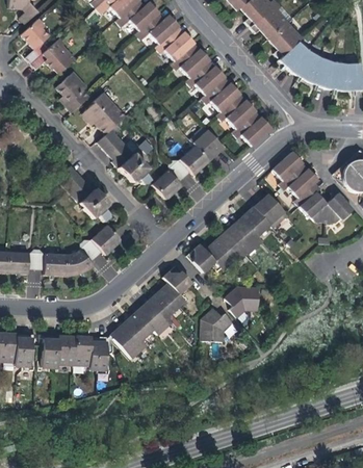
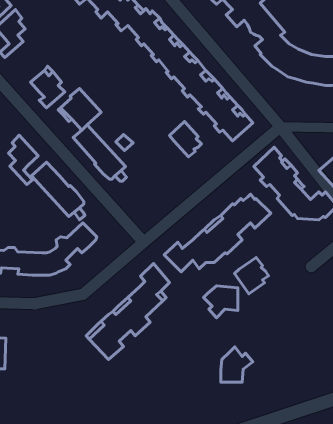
building: [31,37,71,70] -> none
building: none -> [8,135,38,184]
building: [153,145,210,199] -> none
building: none -> [234,257,269,294]
building: [201,307,232,341] -> [221,347,253,382]
building: [41,335,107,371] -> none

